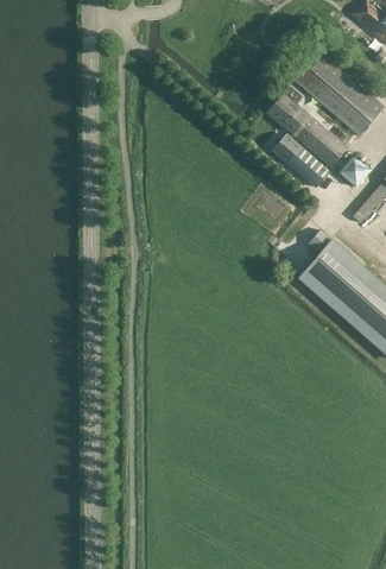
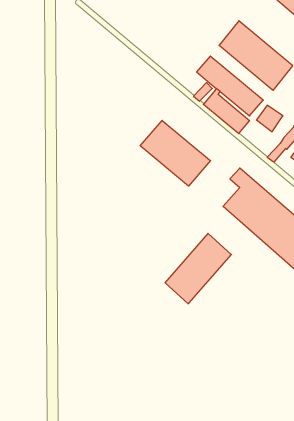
building: none -> [140,120,211,186]
building: none -> [165,233,231,304]

